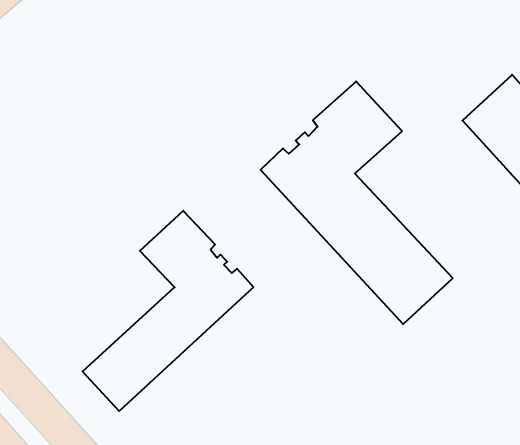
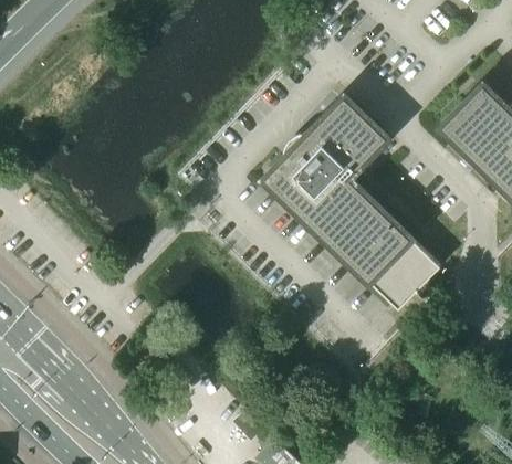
building: [83,211,253,411] -> none

